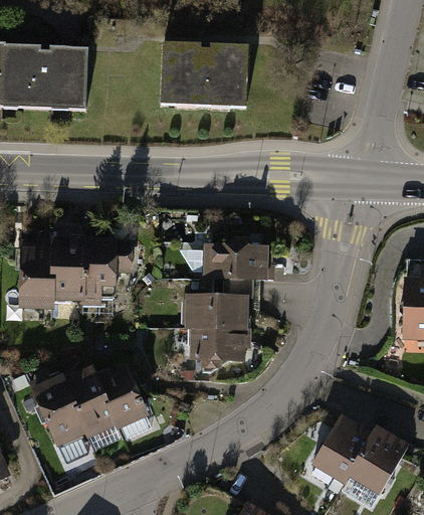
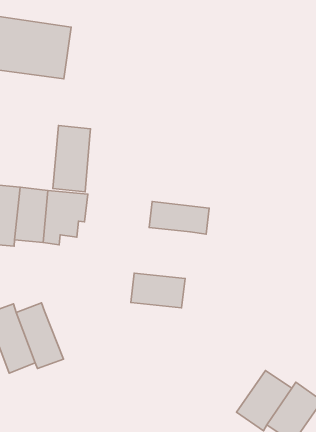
building: [168,49,255,112] -> none
building: none -> [53,126,91,192]
building: [178,270,247,323] -> none
building: [92,358,150,426] -> none

